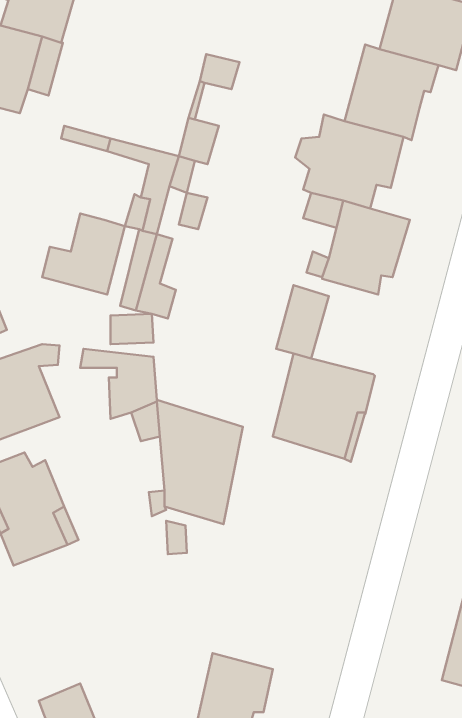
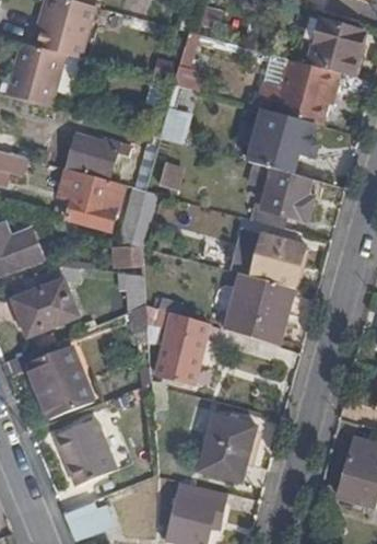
building: none -> [67,131,129,182]
building: none -> [250,234,304,288]
building: none -> [199,416,254,481]
building: none -> [56,418,118,484]

